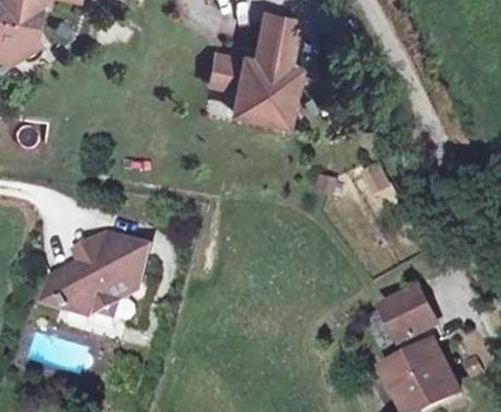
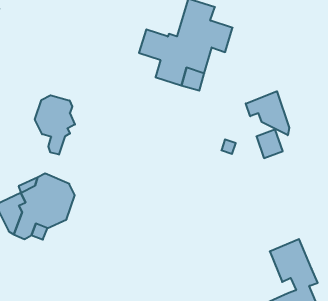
building: none -> [246,91,289,135]
building: none -> [35,95,75,155]

